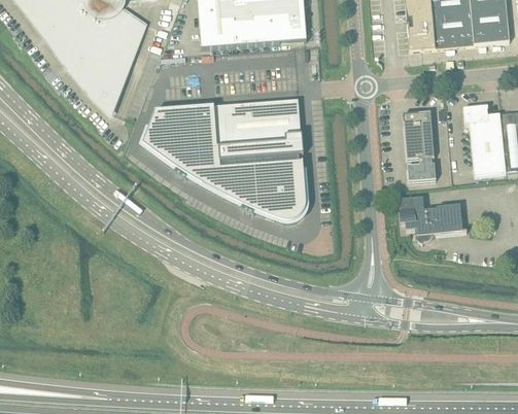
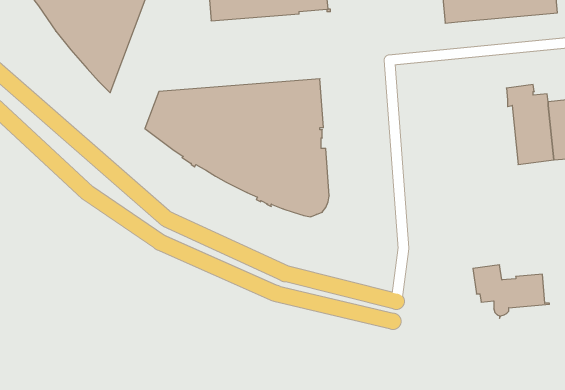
building: [403,110,436,179] -> none
building: [399,195,467,242] -> [473,265,549,318]

